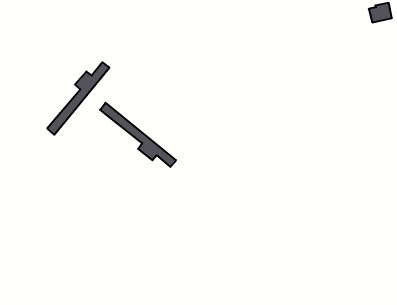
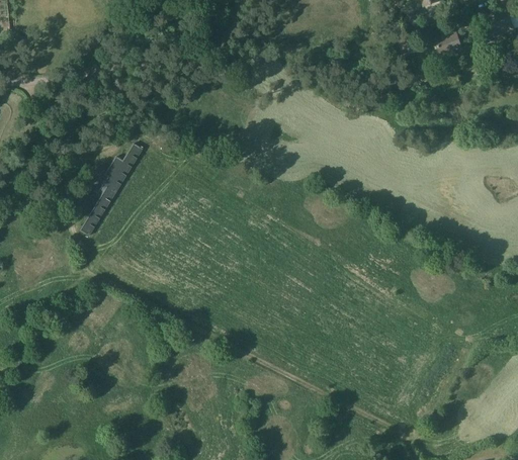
building: [100,103,176,167] -> none

